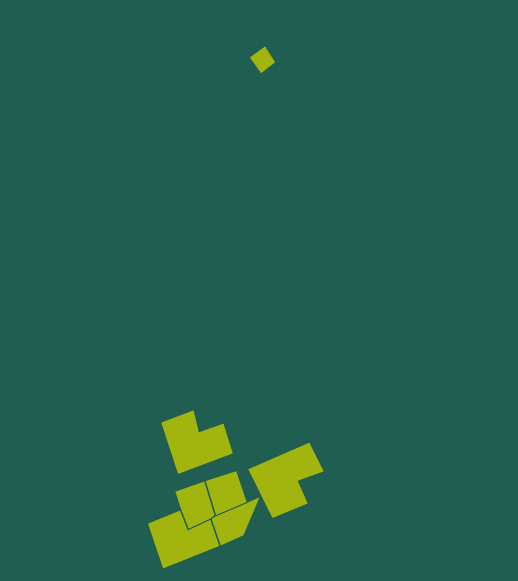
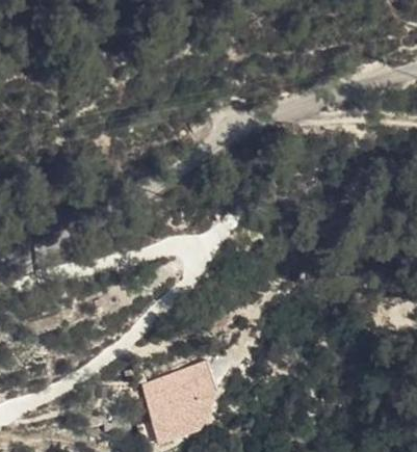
building: [160,410,234,475] -> none
building: [247,442,325,519] -> none

